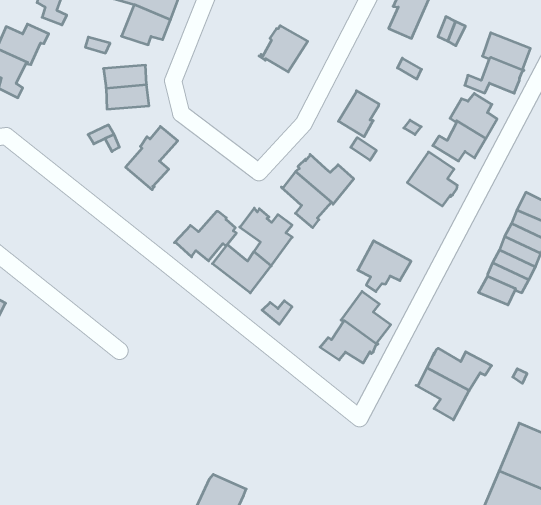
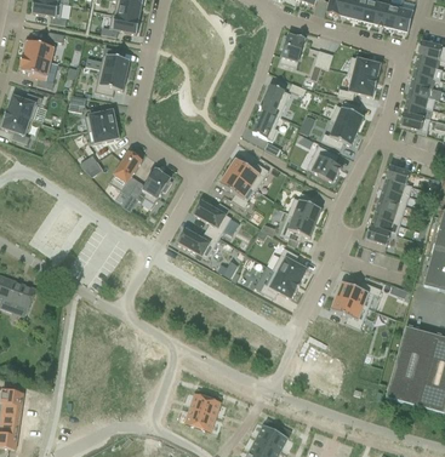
building: [259,26,308,72] -> [257,85,290,116]
building: [174,211,236,261] -> [129,168,171,204]
building: none -> [287,193,321,223]

